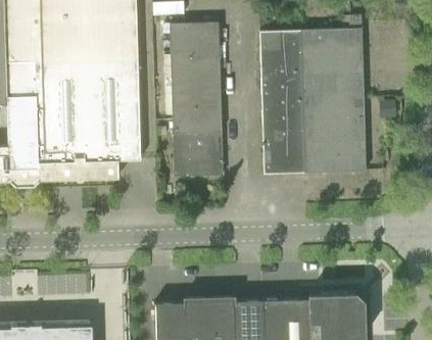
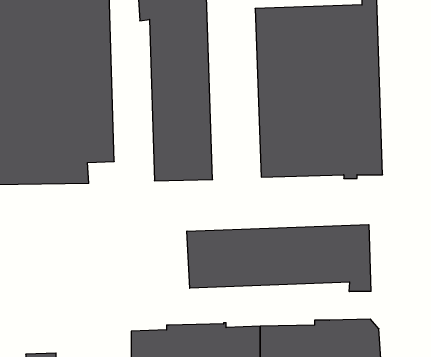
building: none -> [187,225,371,292]

